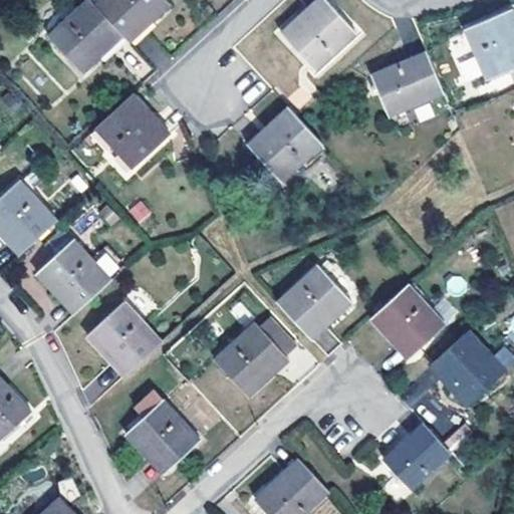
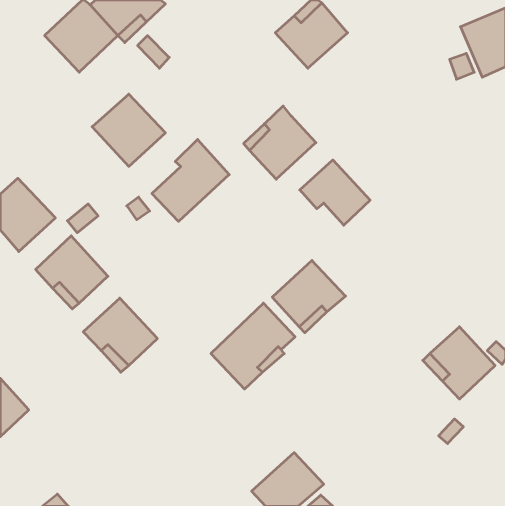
building: [374,52,446,116] -> none
building: none -> [152,139,229,221]
building: none -> [300,160,370,225]
building: [369,284,443,356] -> none
building: [124,399,209,474] -> none
building: [383,423,450,489] -> none

